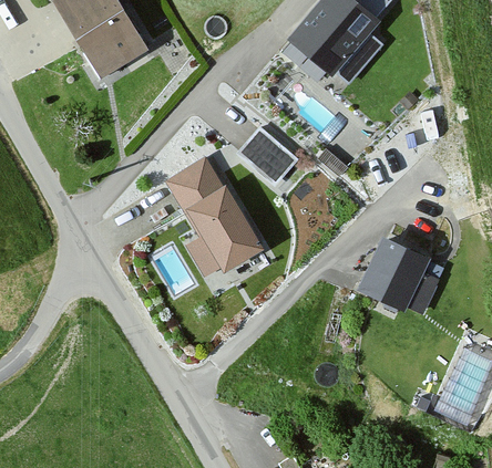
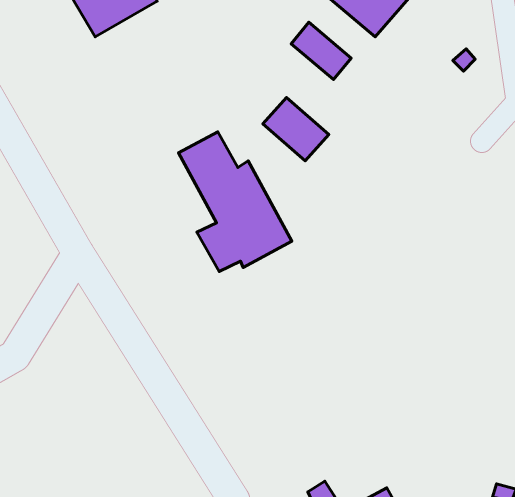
building: none -> [291,22,351,80]
building: [357,233,442,320] -> none

